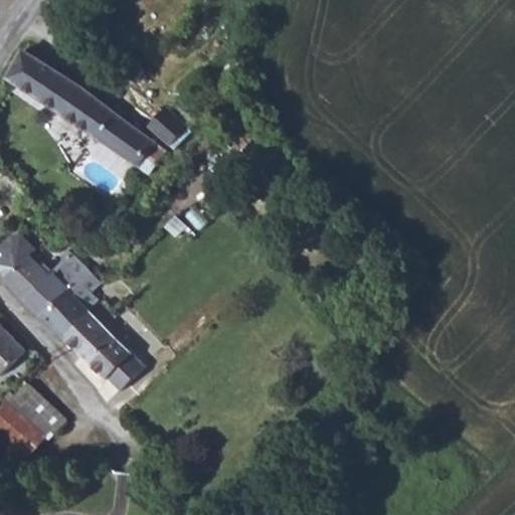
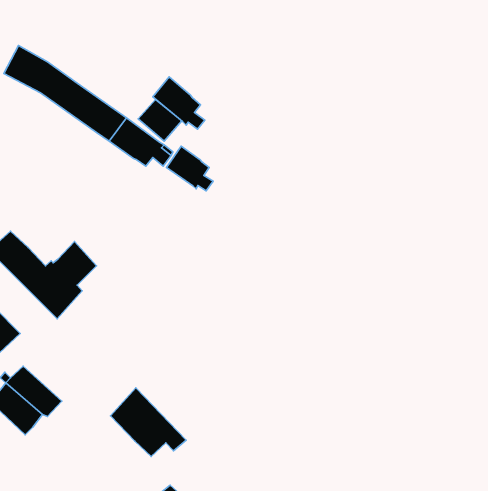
building: none -> [153,77,205,129]
building: none -> [166,146,213,191]
building: [59,306,138,377] -> [111,388,186,457]

